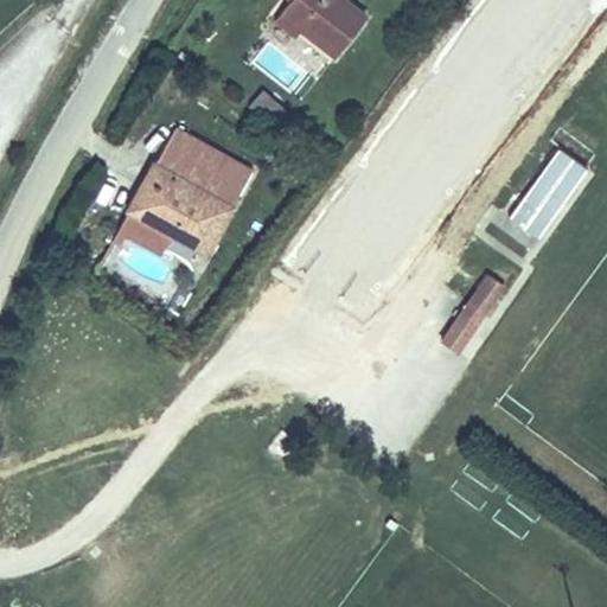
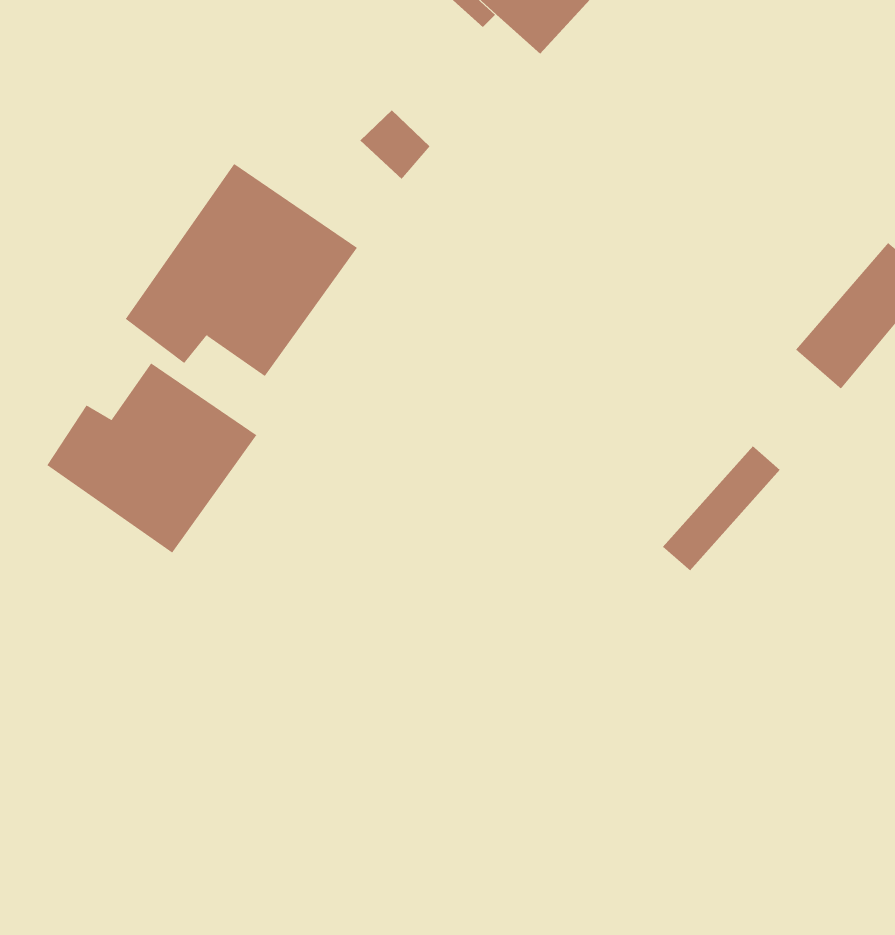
building: none -> [46,362,257,553]

